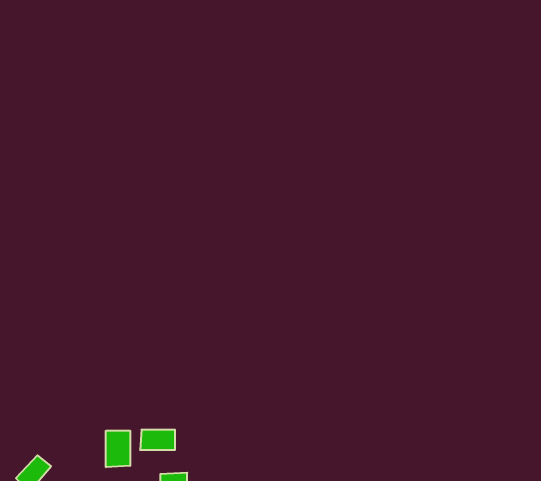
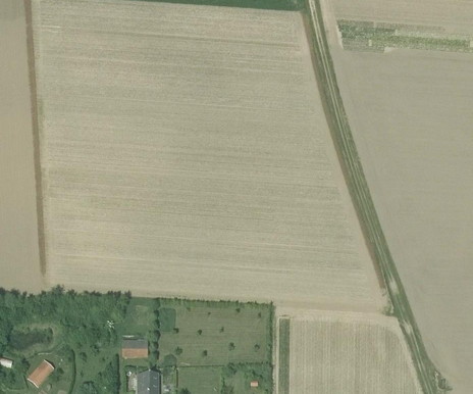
building: [106,431,130,467] -> none

